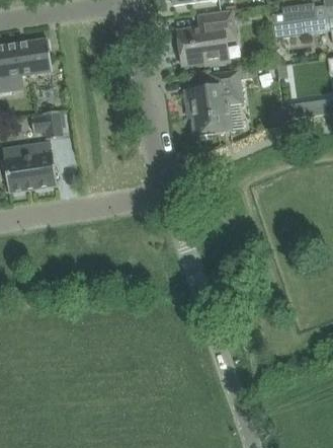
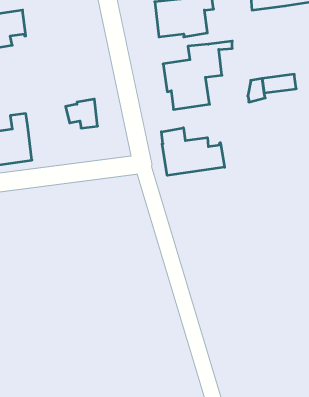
building: [31,108,63,137] -> [66,99,98,128]
building: none -> [161,128,225,175]

